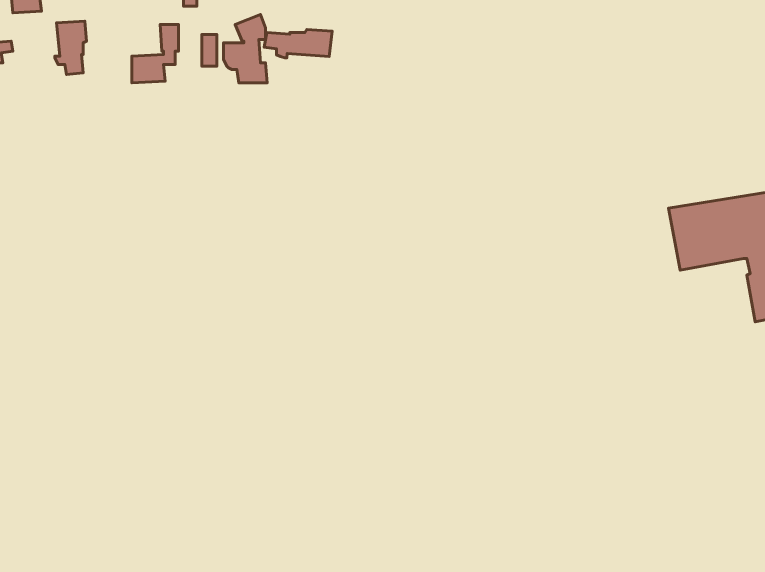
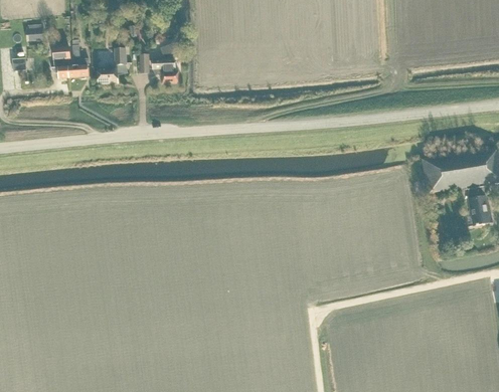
building: none -> [67,38,89,78]
building: [264,30,332,58] -> none

